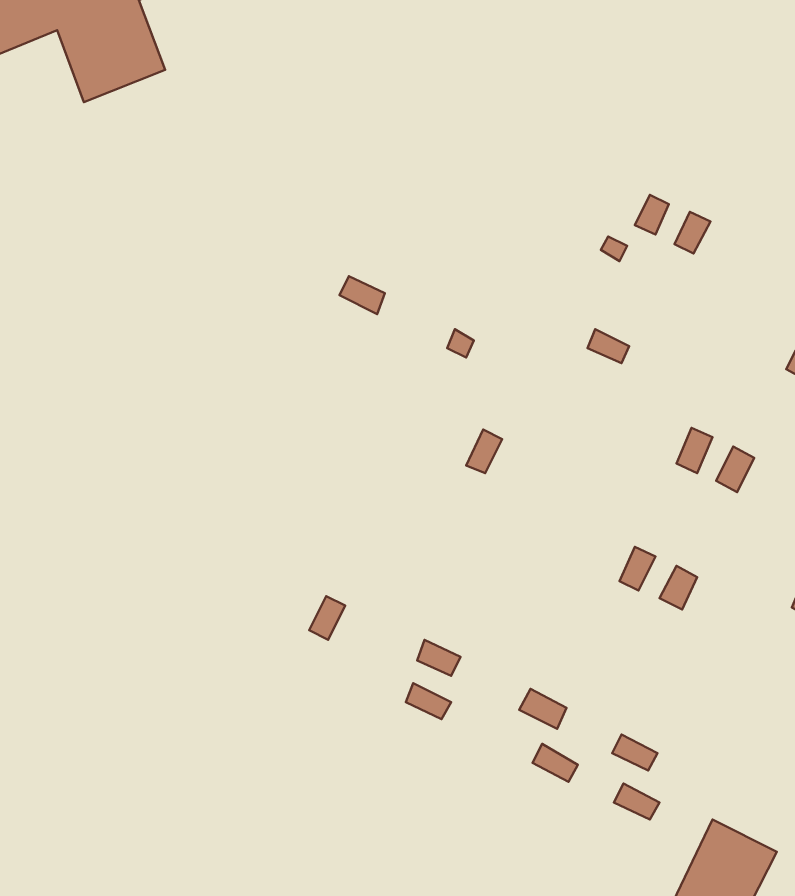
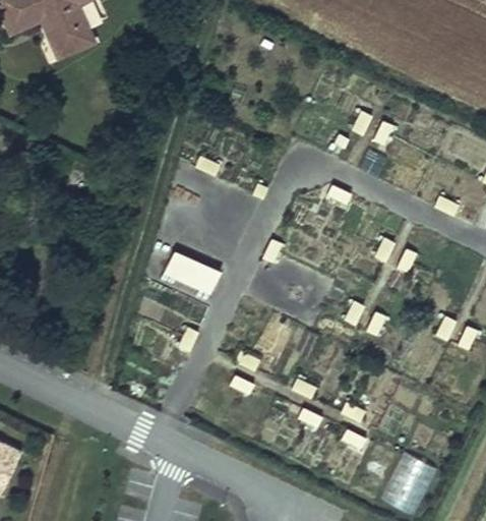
building: none -> [164,249,221,293]

